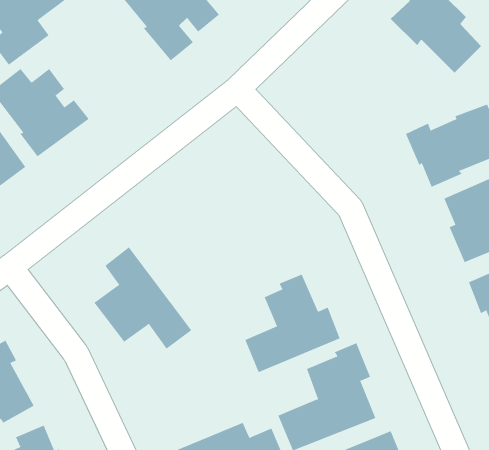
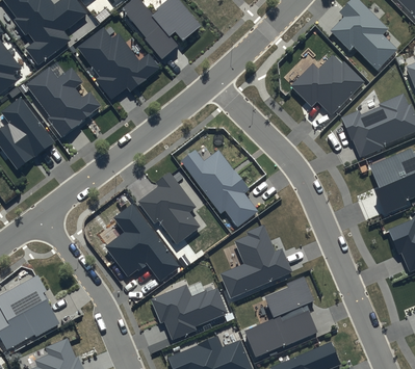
building: none -> [77,27,161,98]
building: none -> [289,54,364,115]
building: none -> [179,149,256,225]
building: none -> [138,172,200,244]
building: none -> [149,284,227,340]

